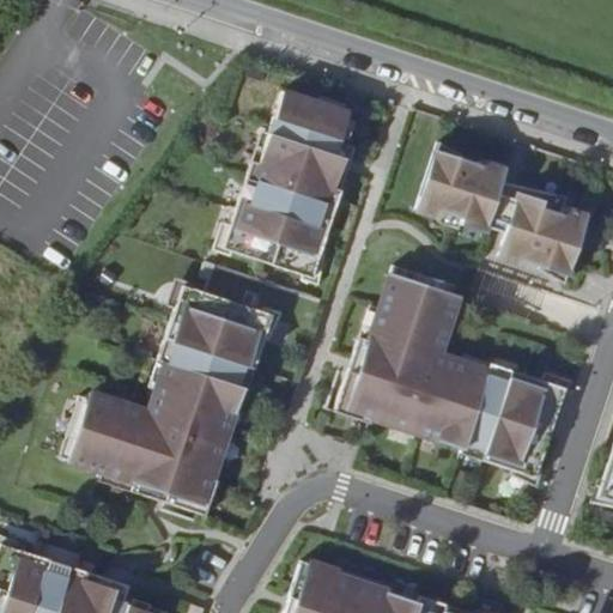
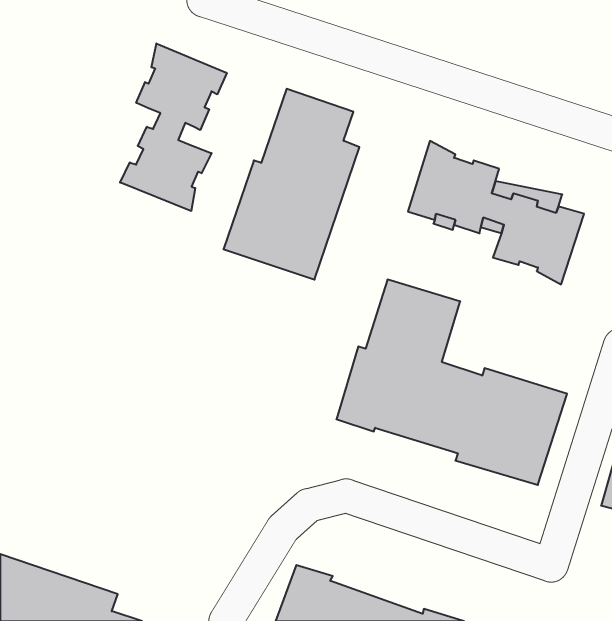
building: none -> [120,43,227,211]
building: [72,283,278,509] -> none

